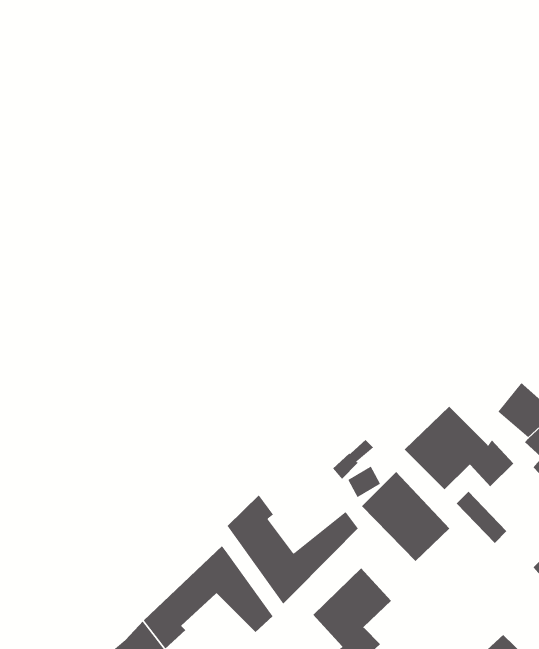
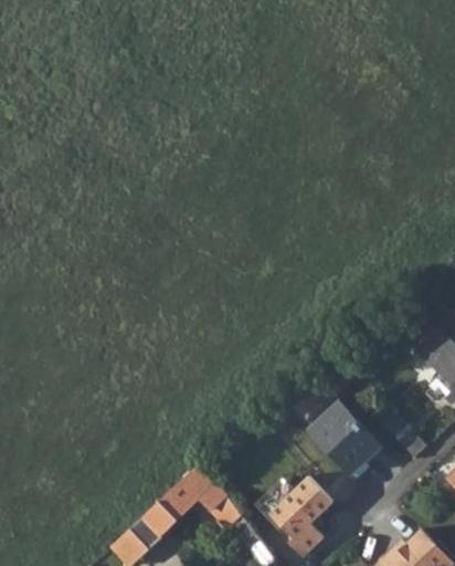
building: [404,406,514,490] -> none
building: [227,494,359,604] -> none

